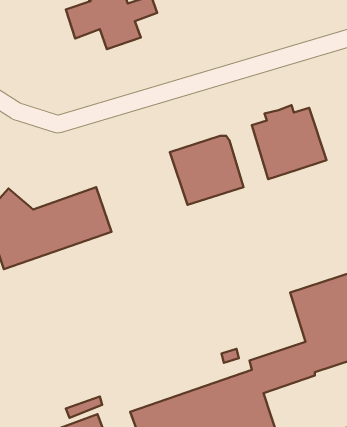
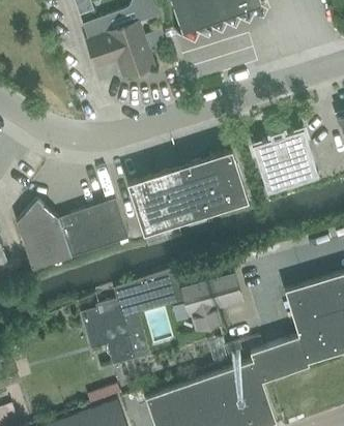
building: none -> [131,169,195,232]
building: none -> [81,270,241,366]

